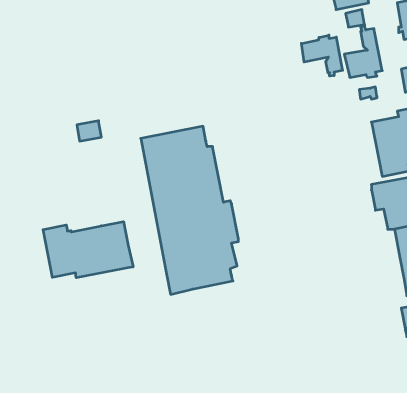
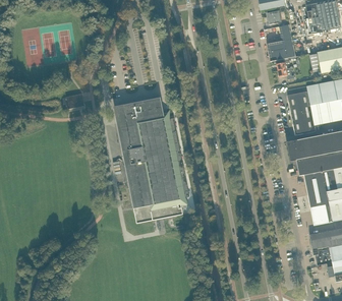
building: [301,35,343,76] -> none
building: [43,222,133,278] -> none

